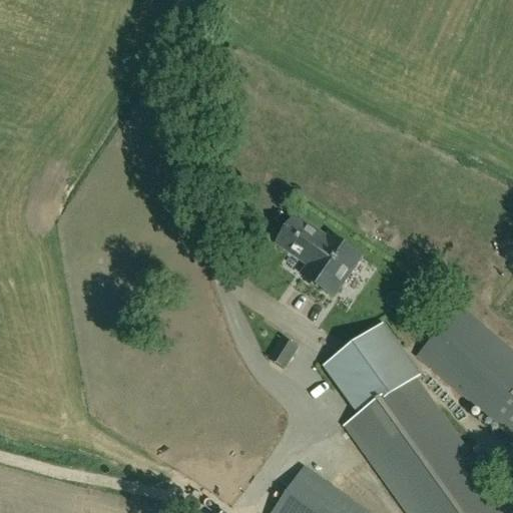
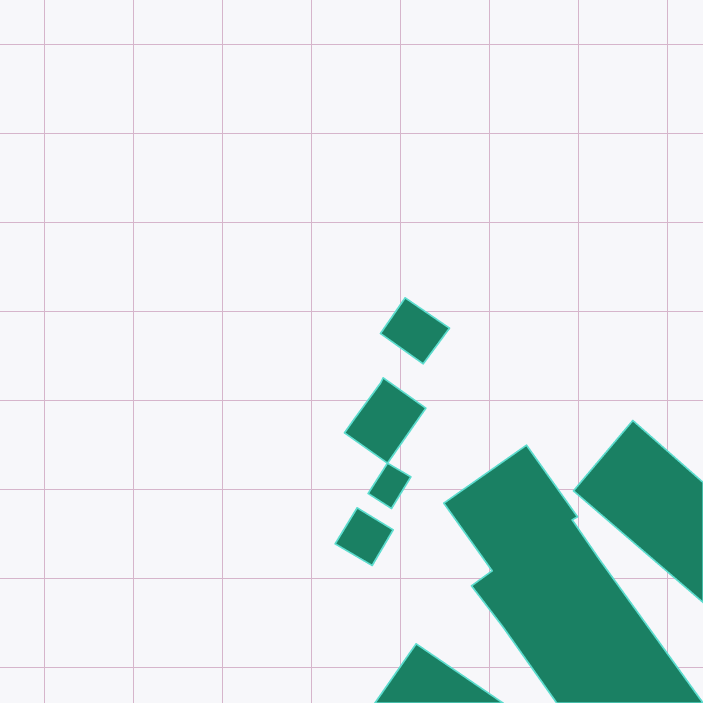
building: [301,234,360,297] -> [345,378,426,463]
building: none -> [335,508,393,566]

